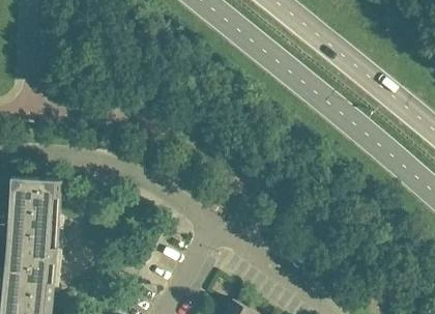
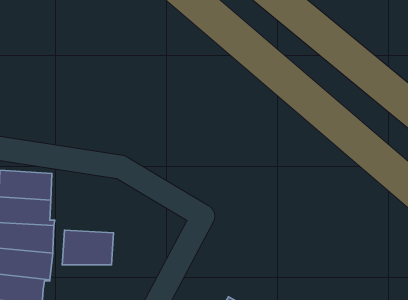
building: none -> [62,230,113,265]

